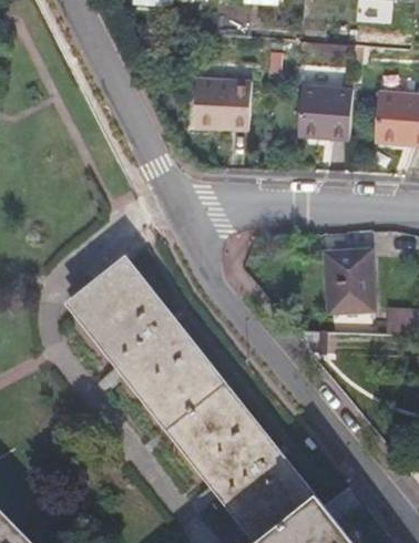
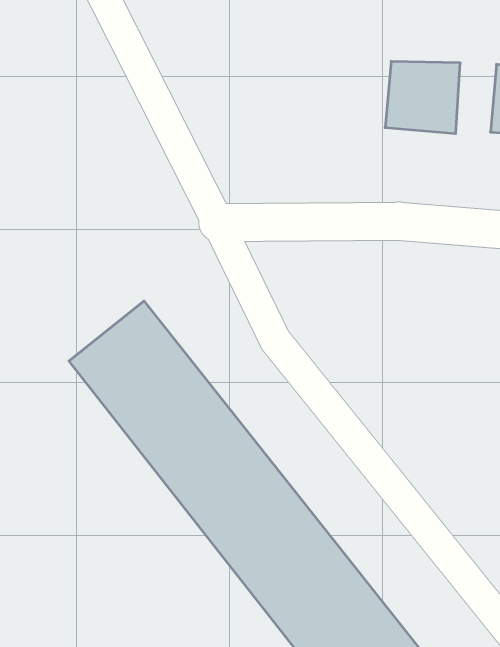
building: [197,80,254,129] -> none
building: [328,252,374,311] -> none

